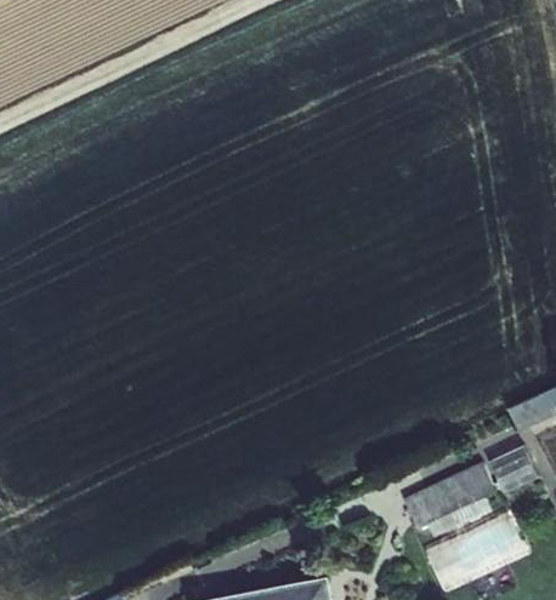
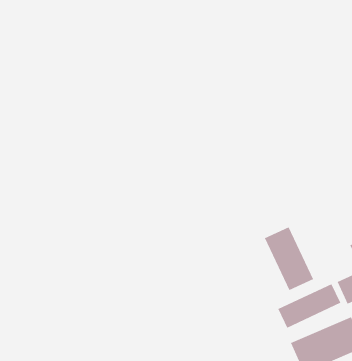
building: none -> [264,227,314,291]

